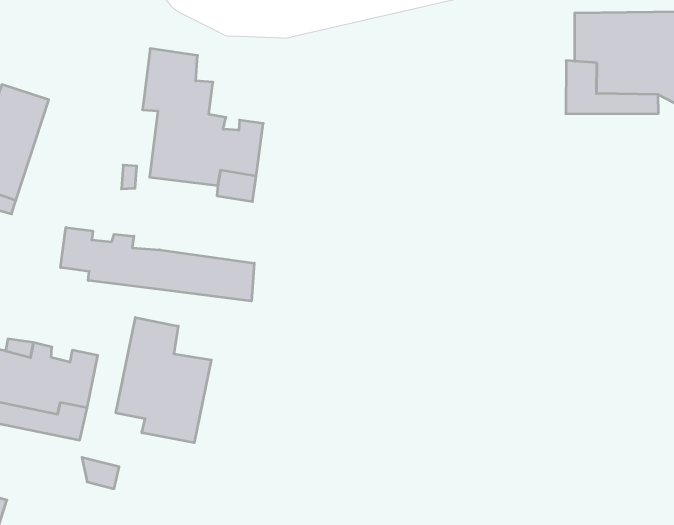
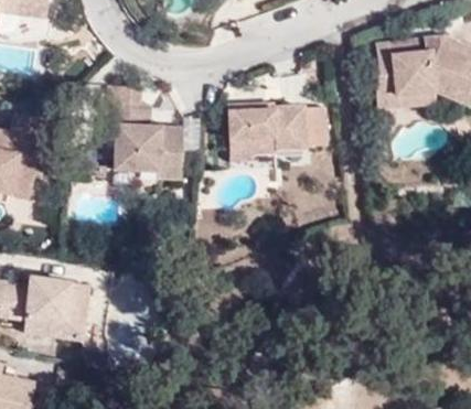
building: none -> [228,106,325,154]
building: [61,227,254,301] -> none
building: [116,317,211,443] -> none

